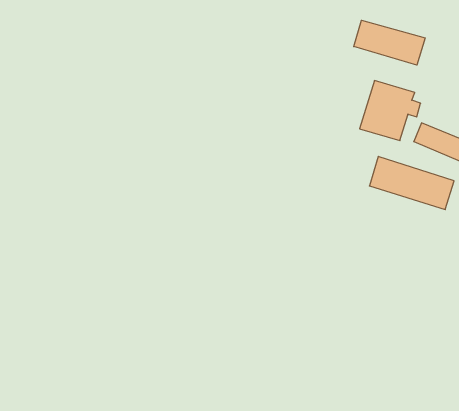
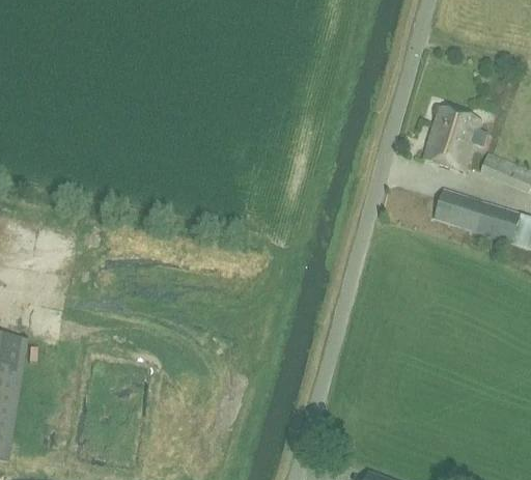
building: [354,20,425,65] -> none

